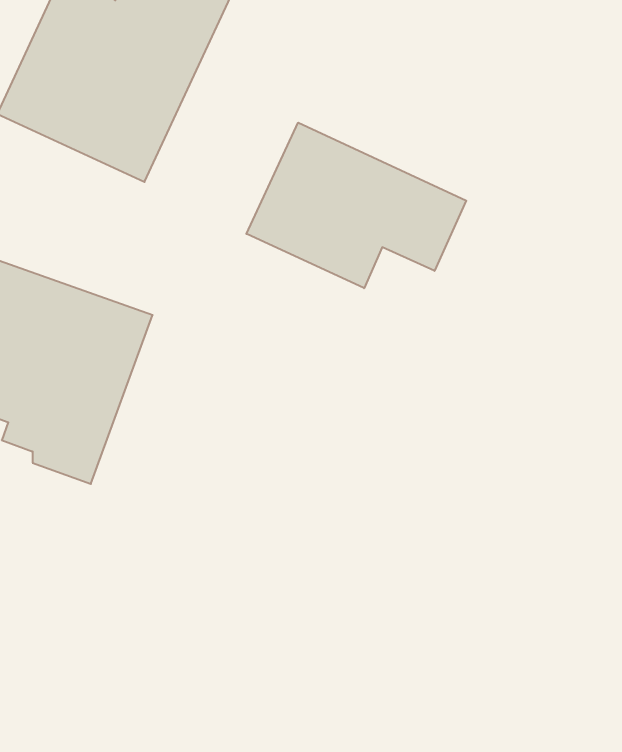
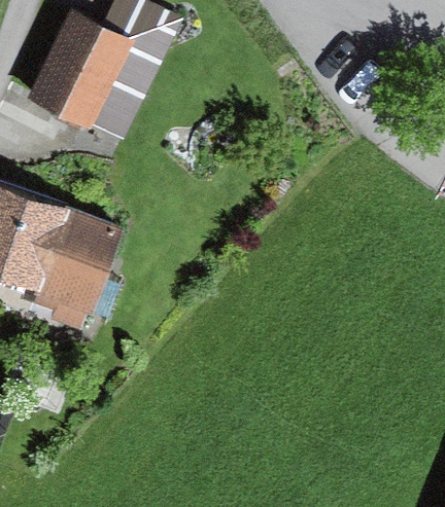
building: [246,123,466,288] -> none

